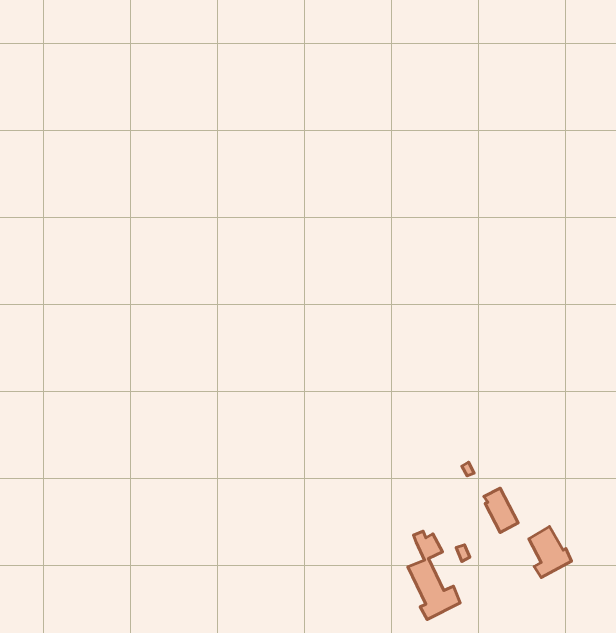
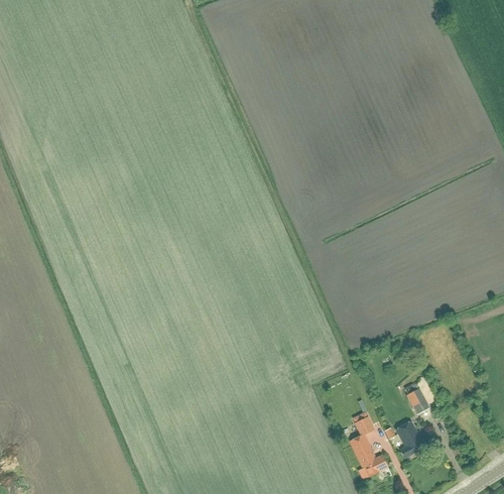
building: [529,527,571,578] -> [396,421,427,459]

